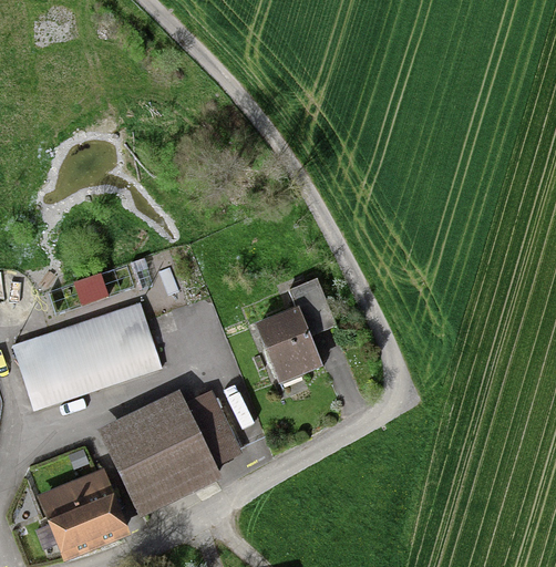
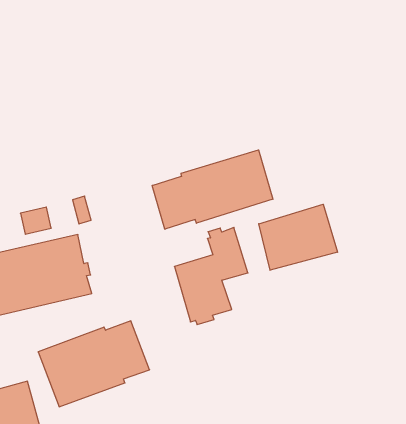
building: none -> [152,150,273,229]
building: none -> [259,204,338,270]

